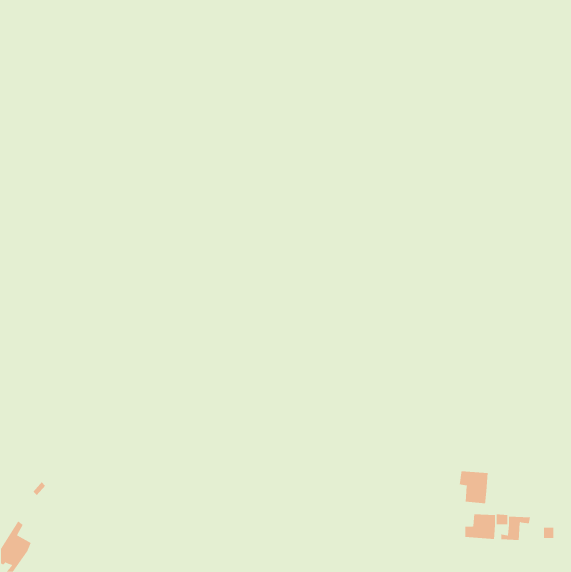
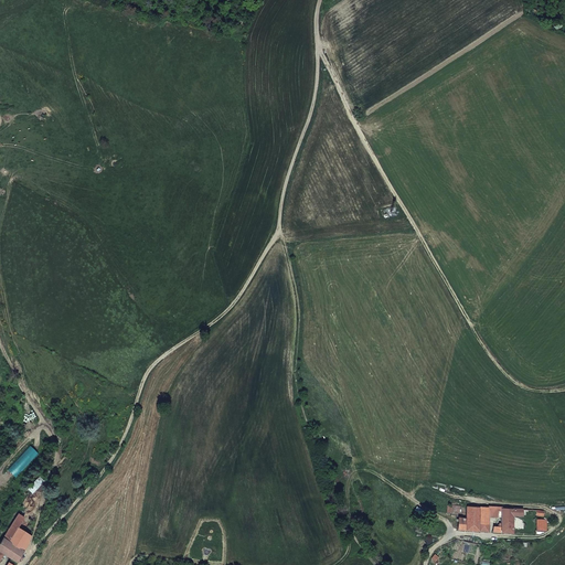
building: [459,470,488,504] -> none

